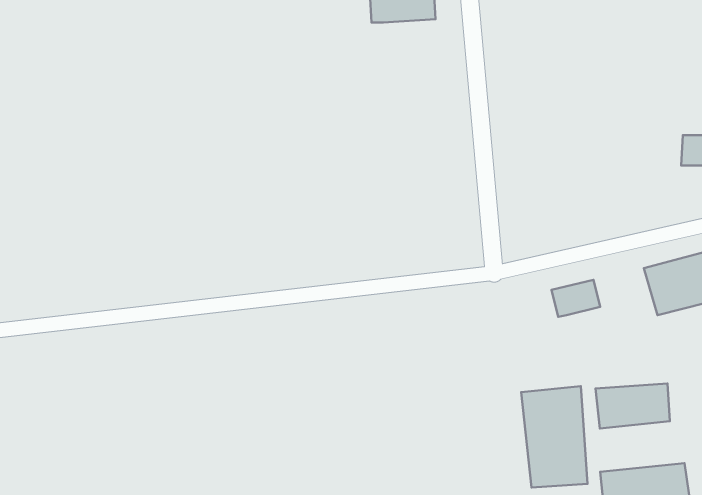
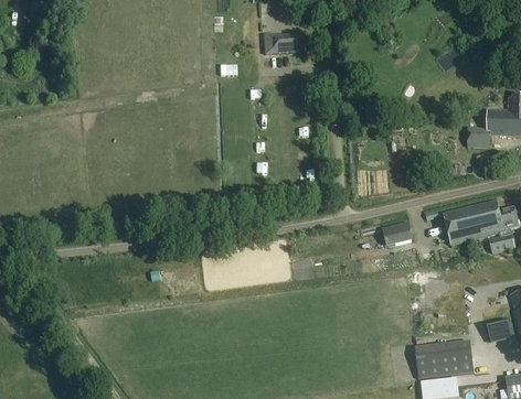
building: [596,383,670,429] -> none
building: [521,386,587,487] -> none

